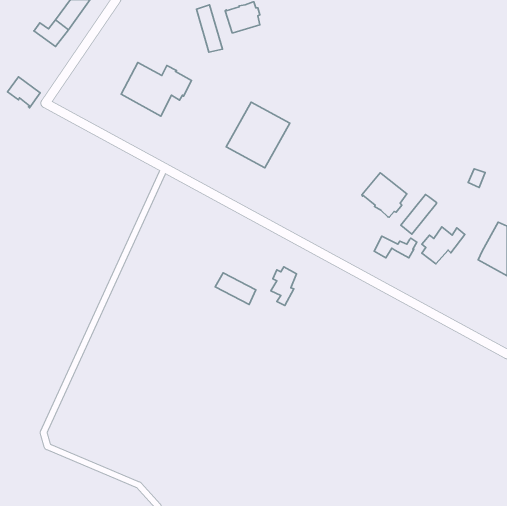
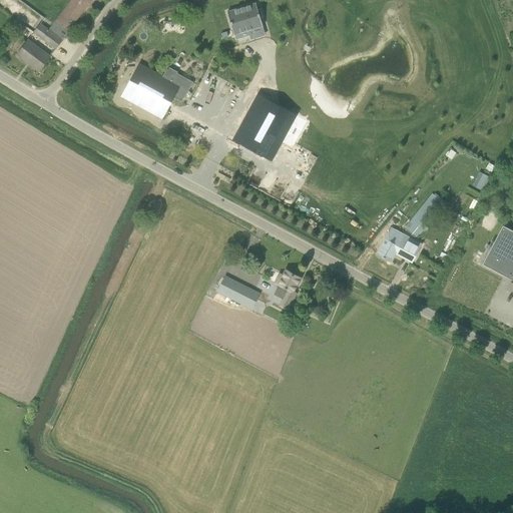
building: [196,5,223,52] -> none
building: [8,77,40,108] -> [17,39,50,70]
building: [362,173,407,217] -> none
building: [422,227,465,264] -> none

